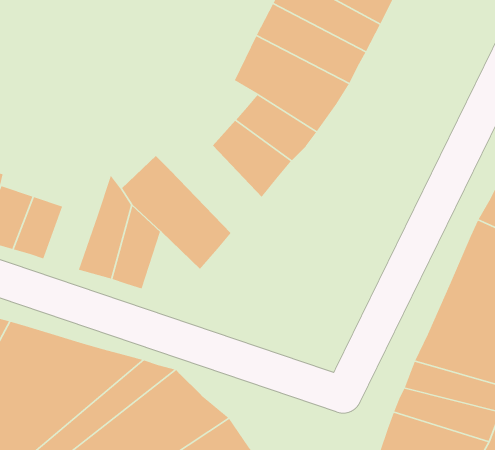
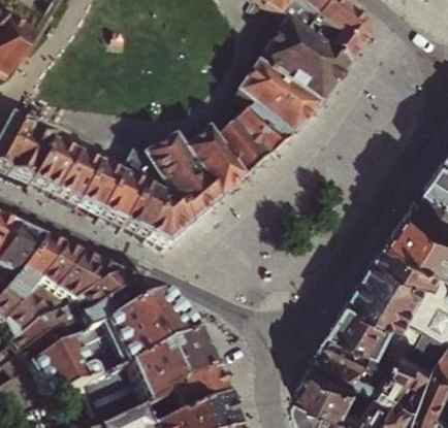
building: none -> [182,123,246,199]
building: none -> [79,162,123,210]
building: none -> [149,191,193,242]

